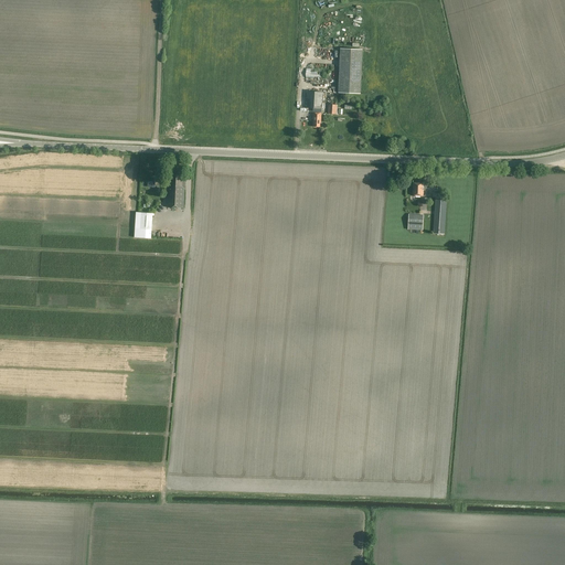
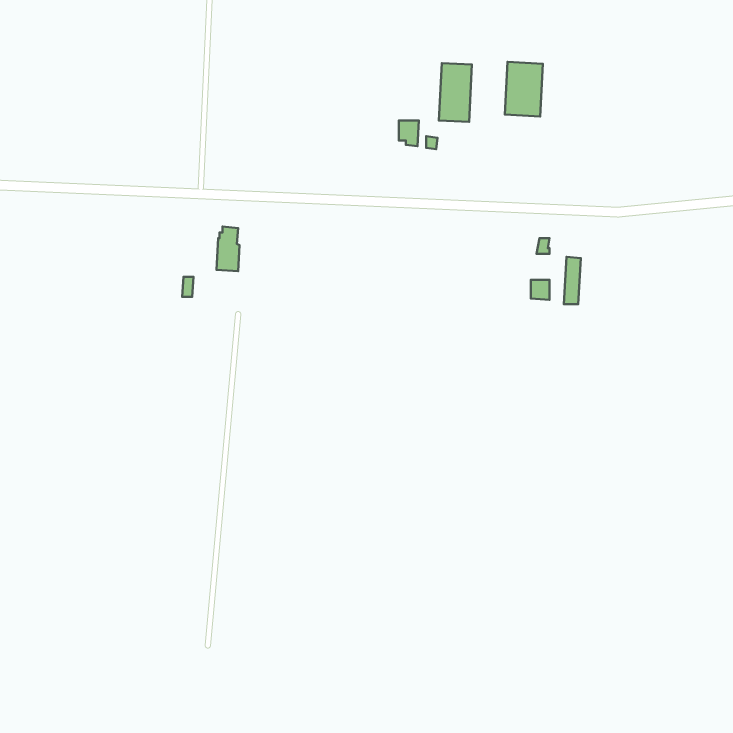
building: none -> [505,62,543,116]

